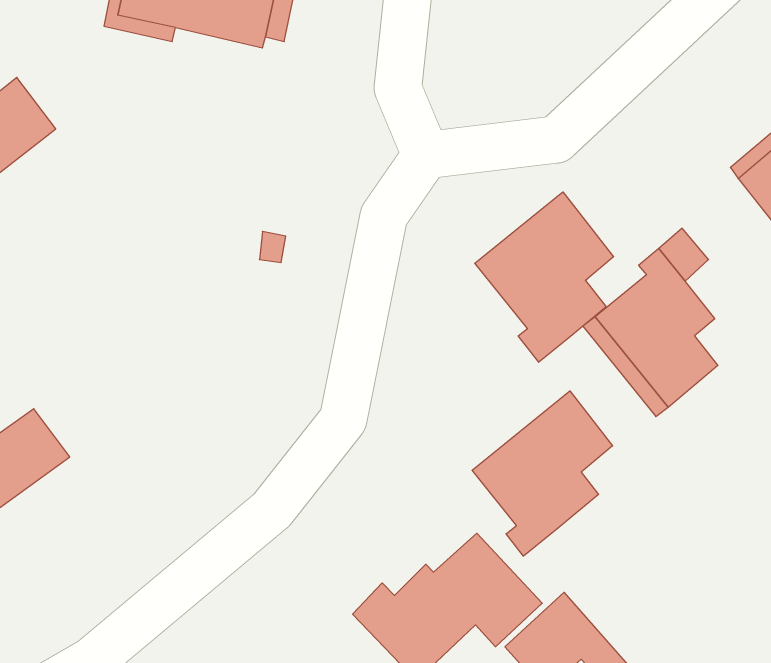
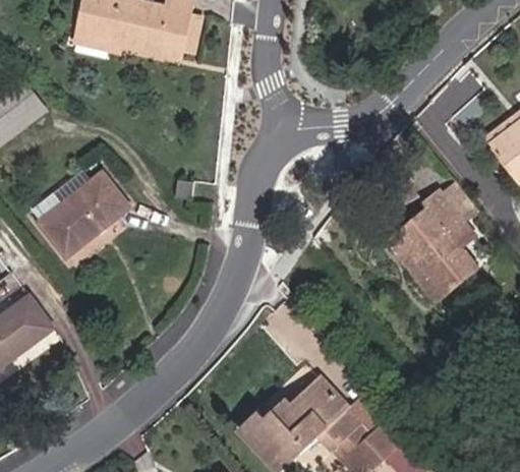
building: [475,192,614,362] -> none
building: none -> [40,172,130,255]
building: [472,391,613,556] -> none

